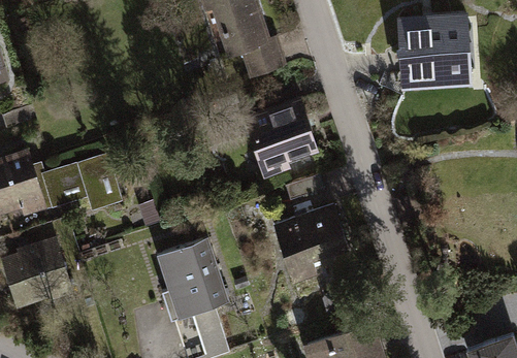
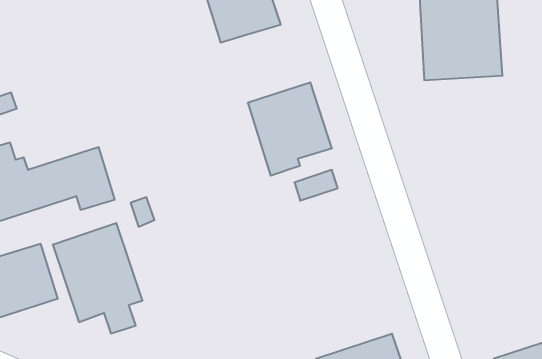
building: [241,41,288,80] -> none
building: [274,205,350,290] -> none
building: [149,234,230,334] -> [53,223,143,333]

